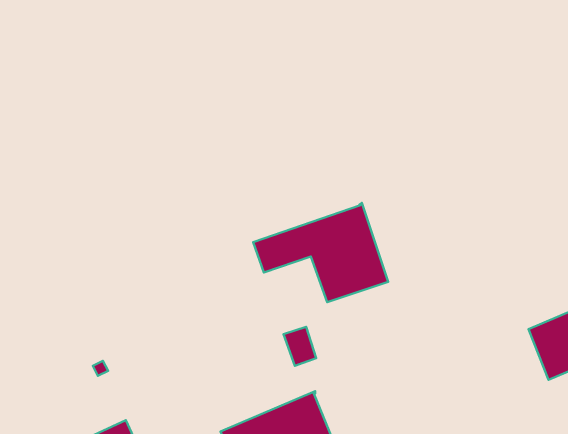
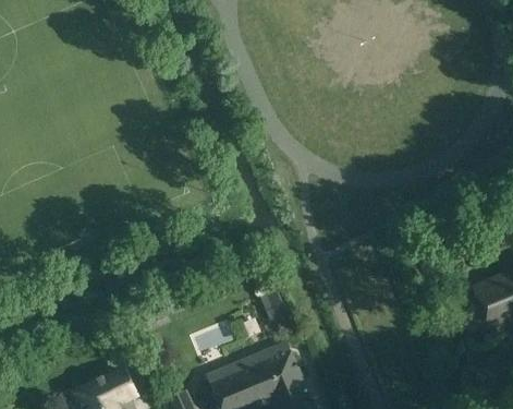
building: [253,203,388,302] -> none

